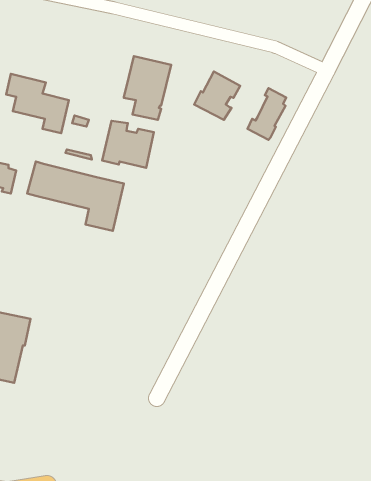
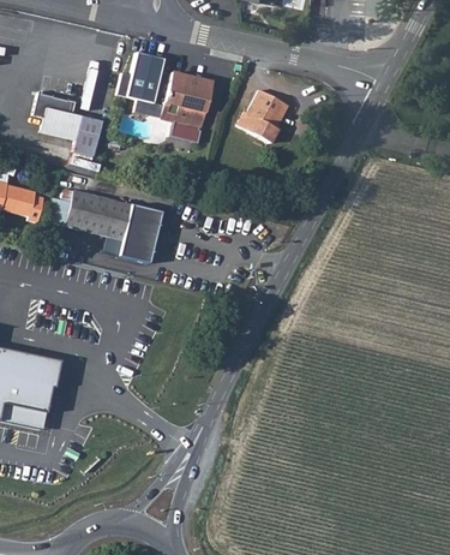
building: none -> [127,54,164,105]
building: [247,88,286,140] -> none
building: [102,121,154,168] -> none

